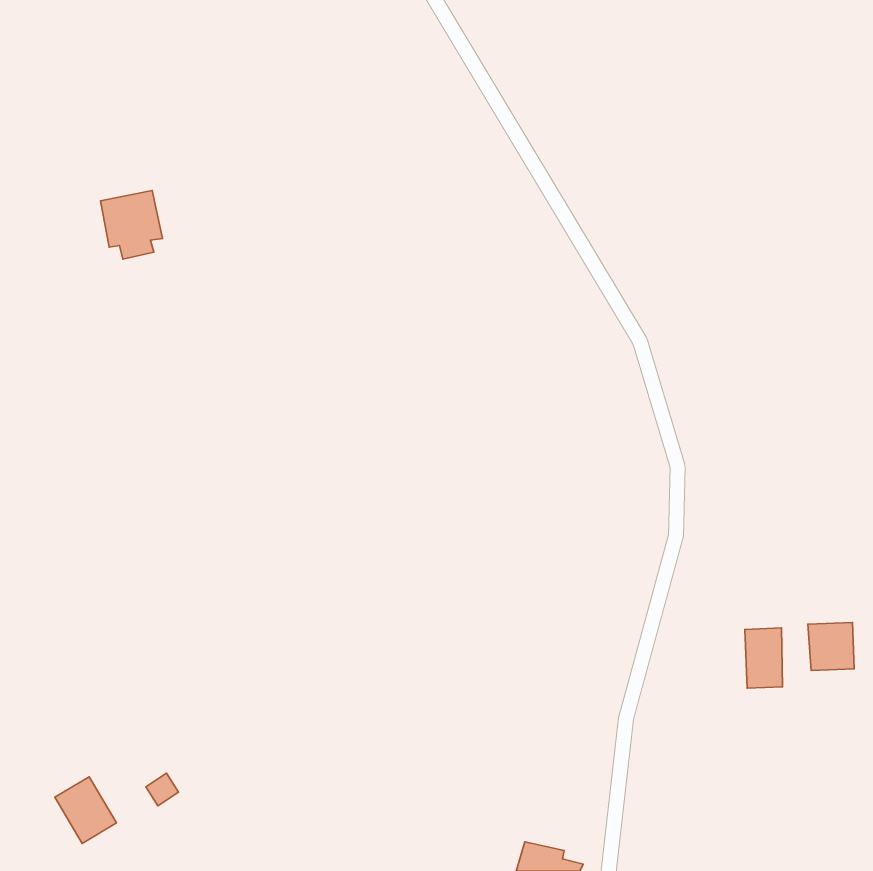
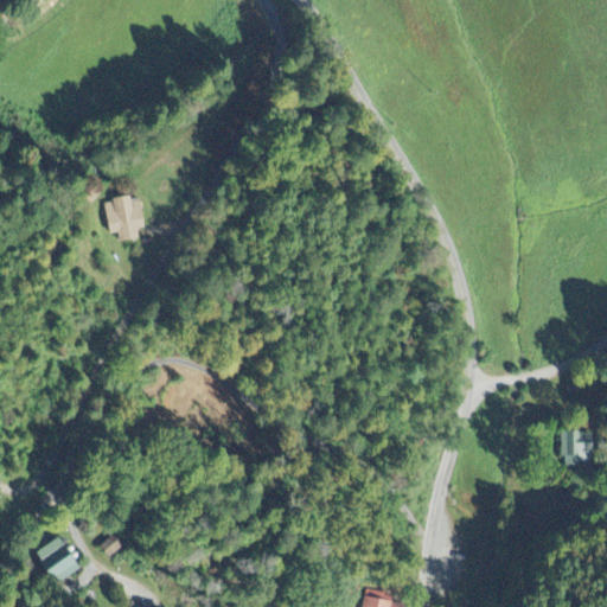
building: [101,191,162,259] -> [103,194,146,242]
building: [745,628,782,688] -> none

